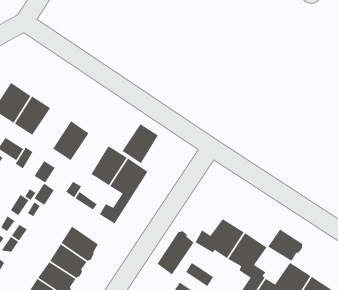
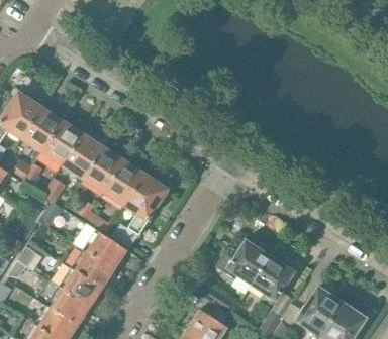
building: none -> [40,121,82,165]
building: [121,123,159,164] -> [82,148,122,193]
building: none -> [83,230,125,268]
building: [267,228,304,262] -> none
building: [156,231,194,276] -> none

